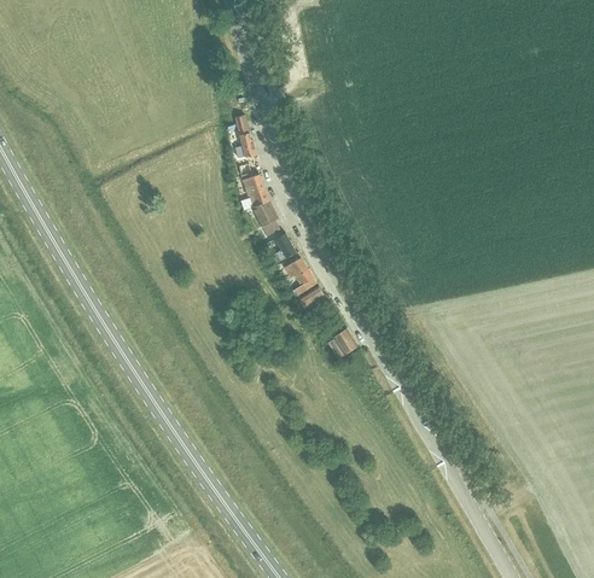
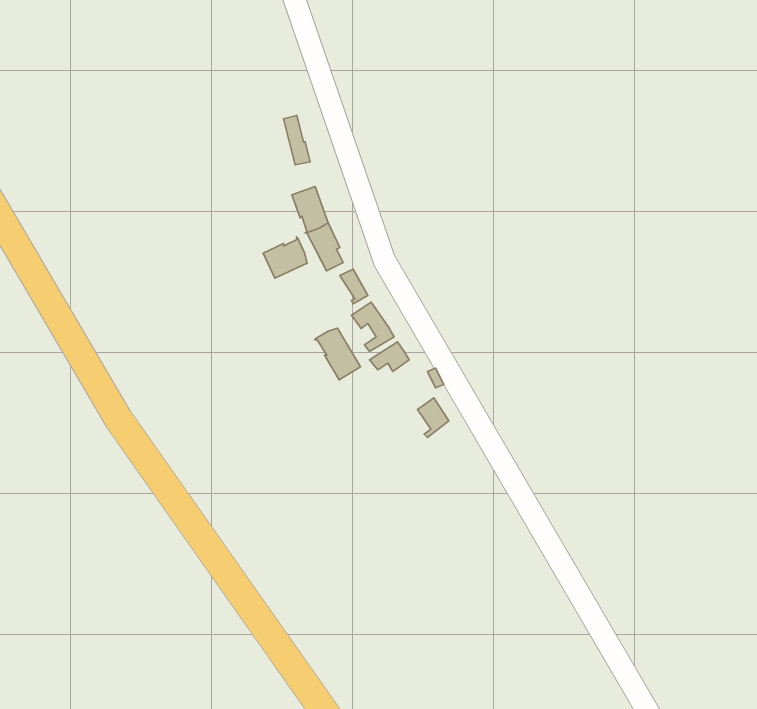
building: none -> [263,237,307,278]
building: none -> [315,328,361,380]

